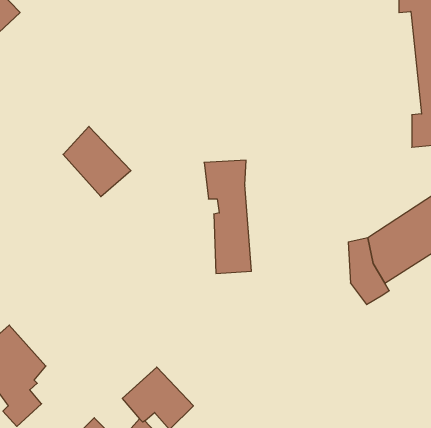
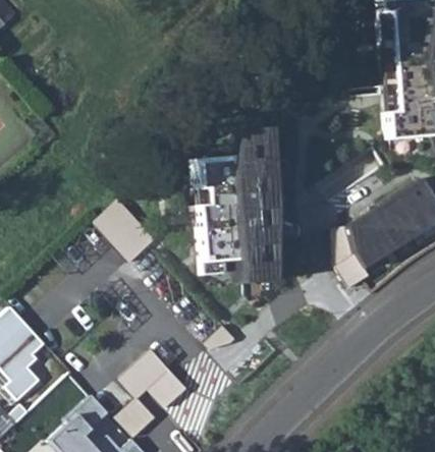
building: [63,126,131,197] -> [93,199,157,265]
building: none -> [233,122,275,280]

